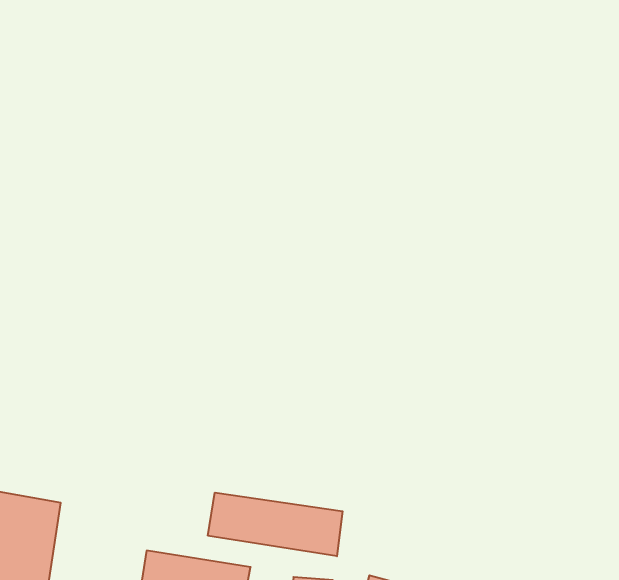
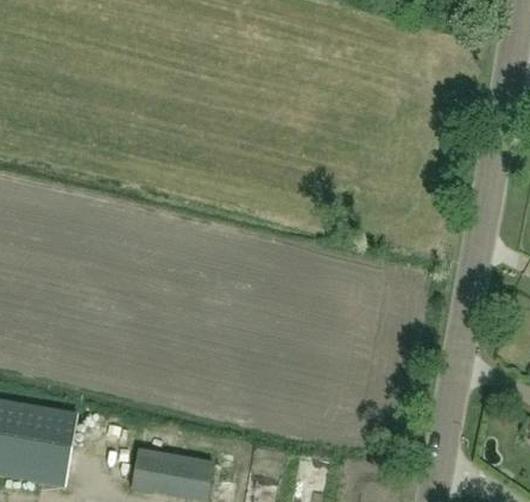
building: [208,493,343,556] -> none

